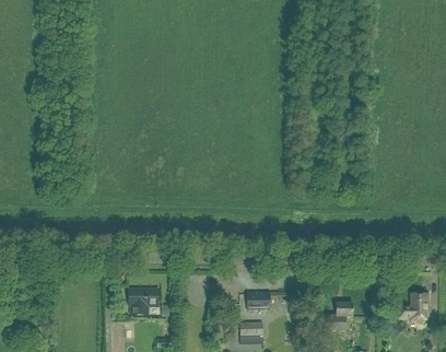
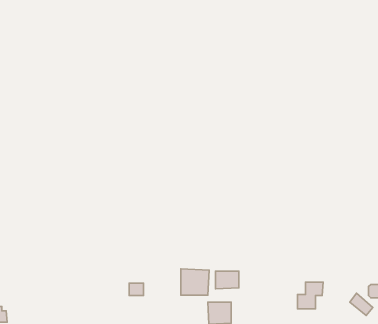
building: [130,289,160,314] -> none
building: none -> [181,269,209,295]

